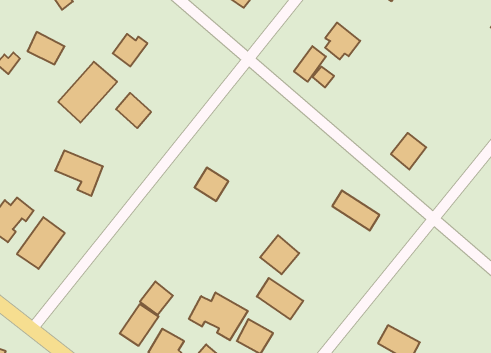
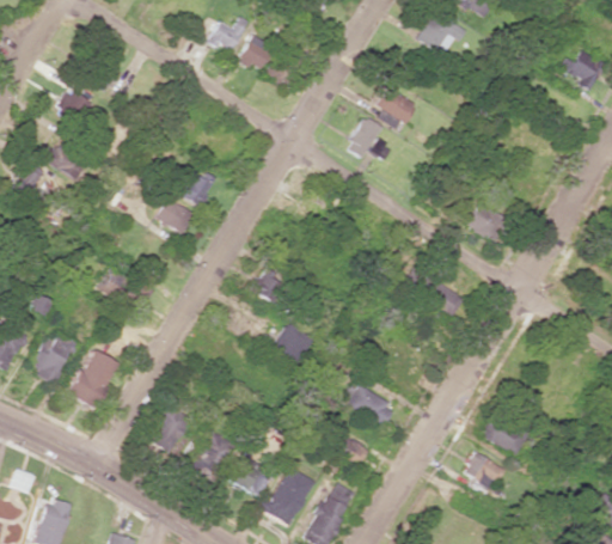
building: [113,34,147,66] -> [179,171,216,207]
building: [58,62,117,123] -> none
building: [260,235,299,274] -> [269,323,312,366]
building: [140,281,173,315] -> [154,407,190,444]
building: [189,292,248,340] -> none

